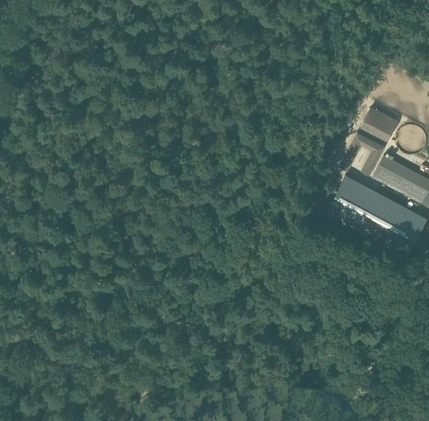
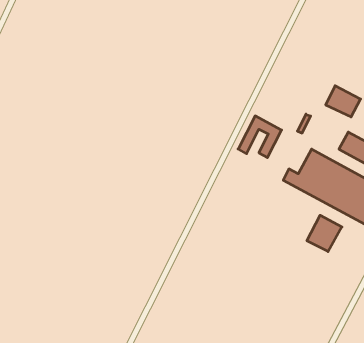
building: [339,134,385,178] -> [238,116,282,158]
building: none -> [307,215,342,252]

